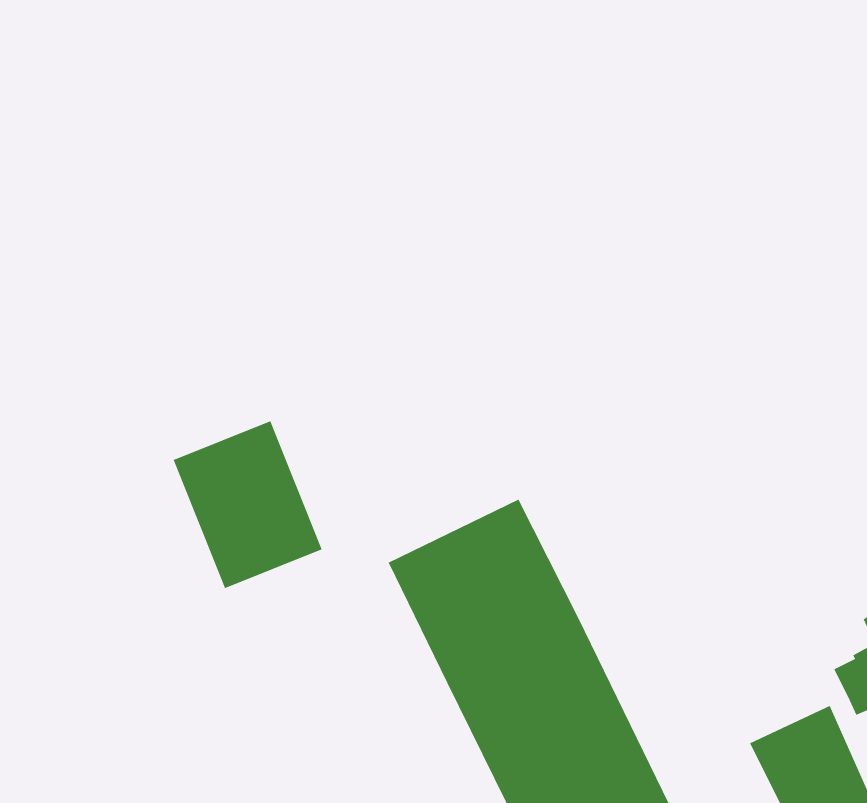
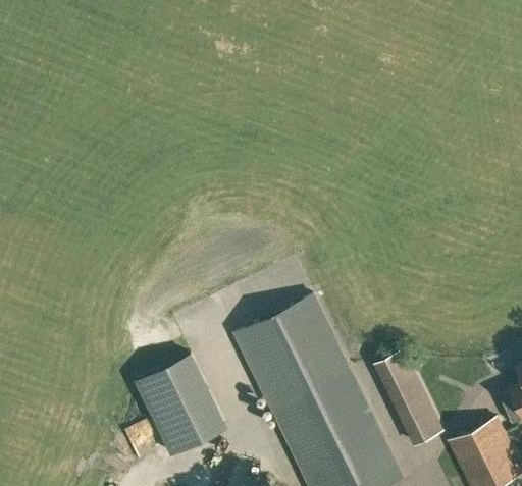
building: [173,420,322,589] -> [142,352,230,451]
building: none -> [377,345,449,444]

